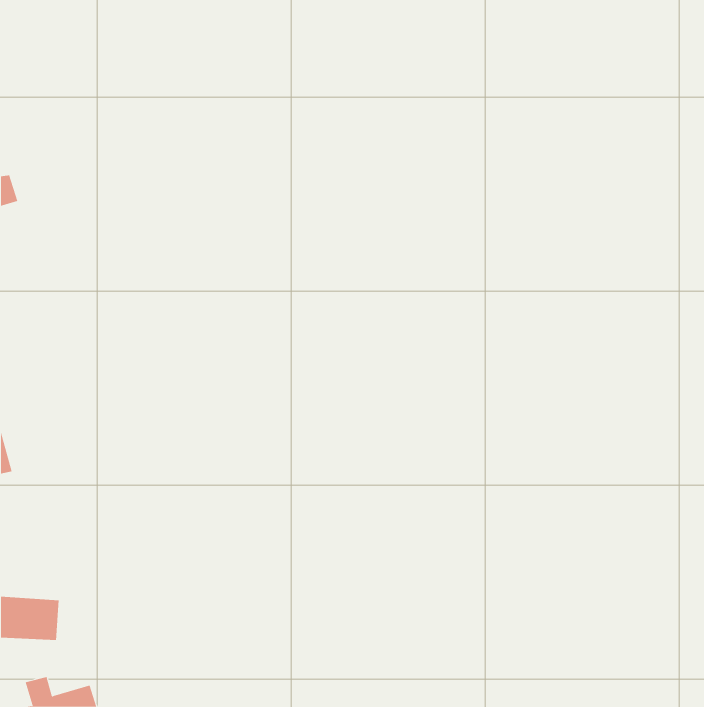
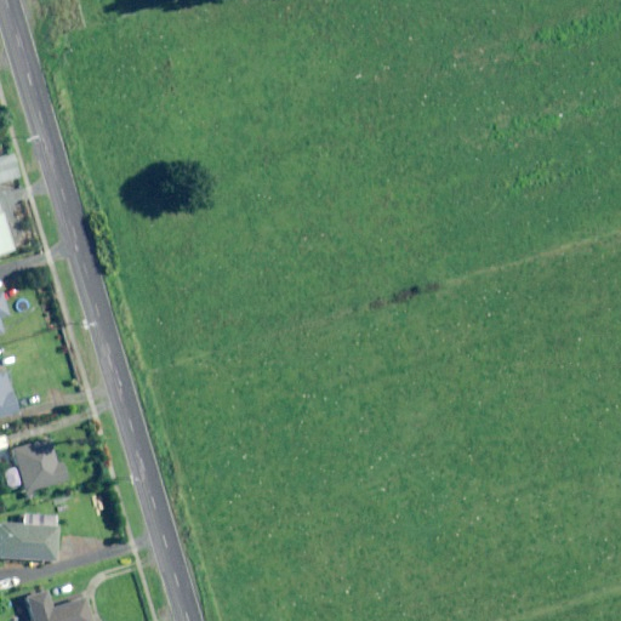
building: none -> [11,440,62,492]

